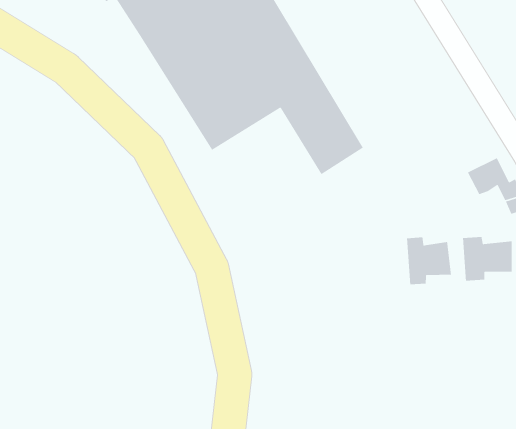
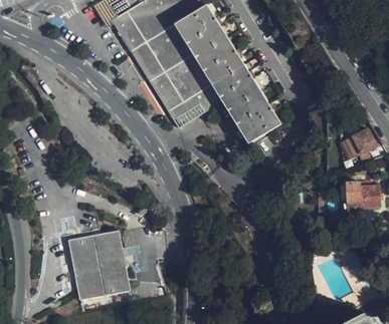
building: [406,237,452,285] -> none
building: none -> [69,233,129,302]

